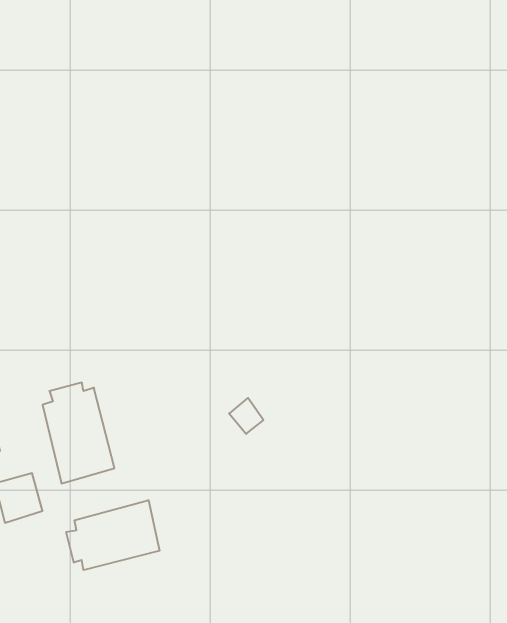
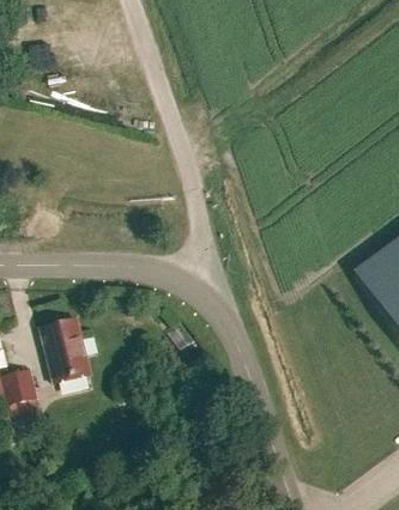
building: [66,500,160,570] -> none

